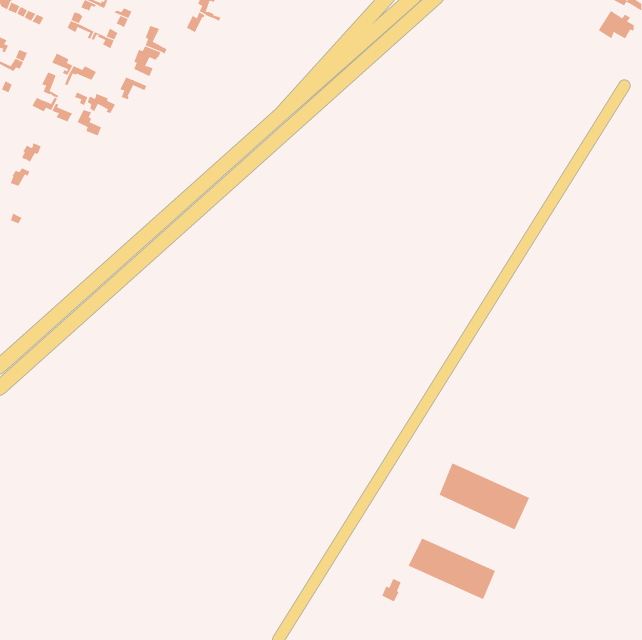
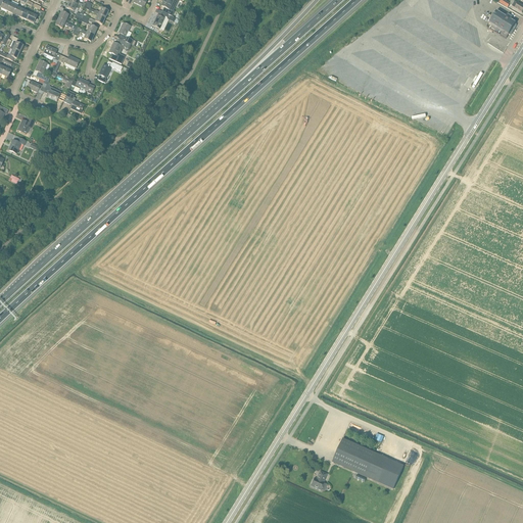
building: [439,462,530,530] -> none

